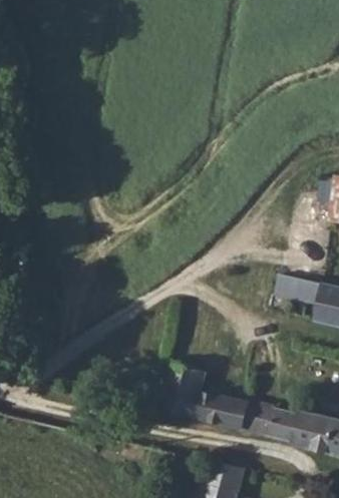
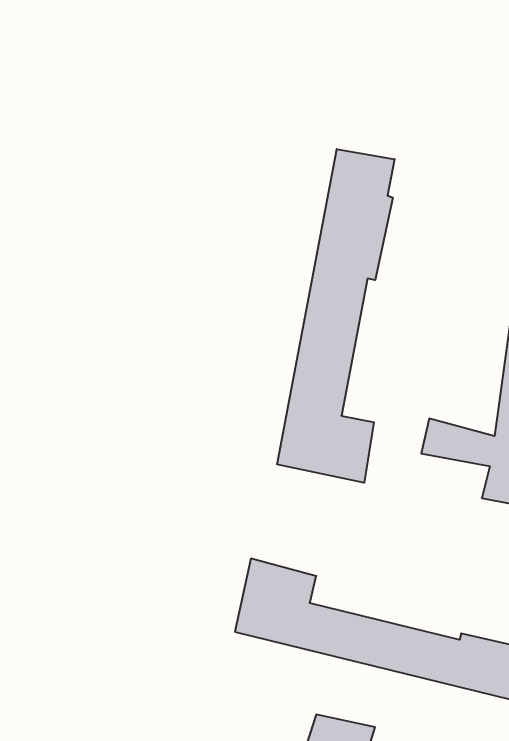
building: none -> [277,149,395,483]

